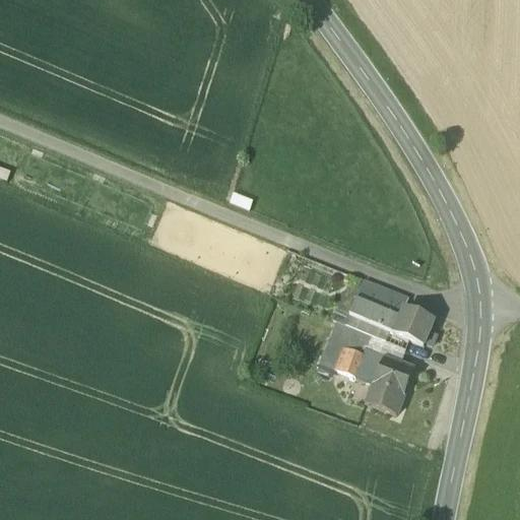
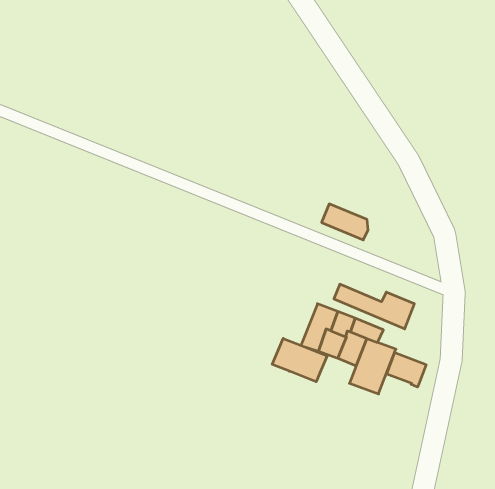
building: [356,278,405,316] -> [322,204,368,240]
building: none -> [272,338,327,382]
building: none -> [387,352,426,387]

